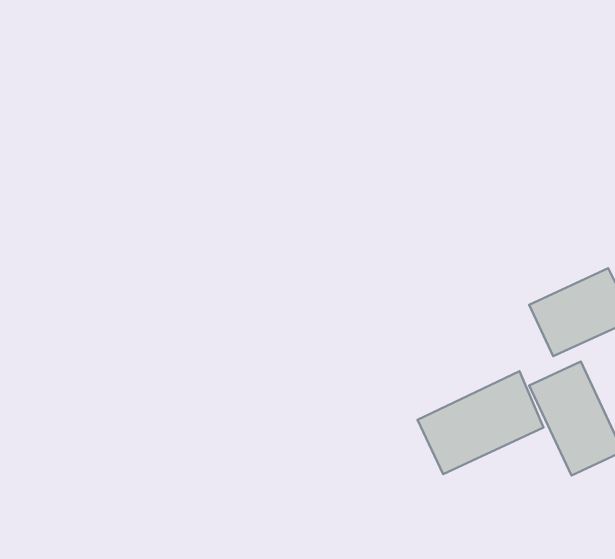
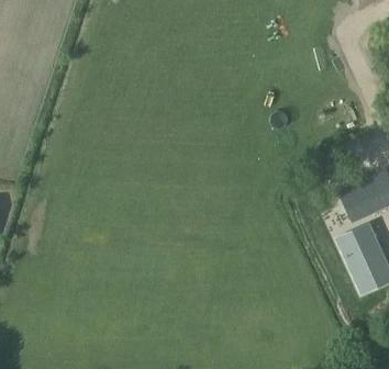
building: [417,371,543,474] -> none

